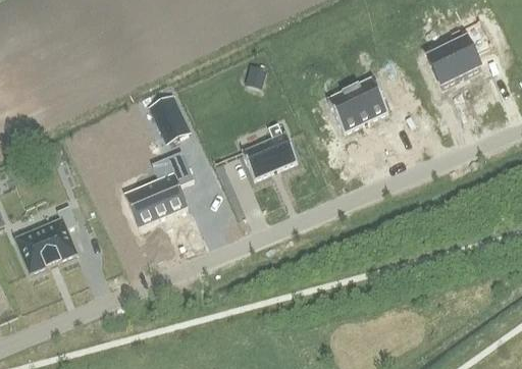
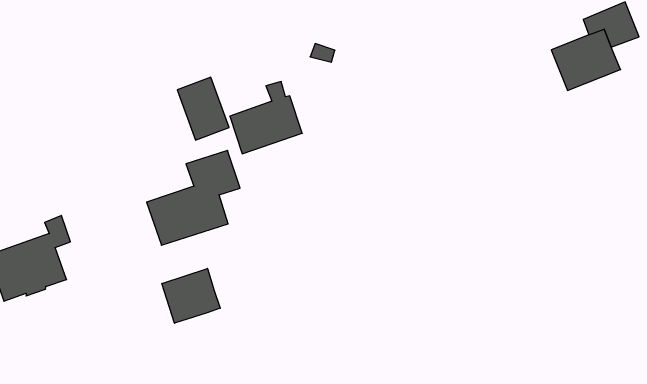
building: [323,84,384,139] -> none
building: [242,119,297,175] -> [230,82,302,154]
building: none -> [162,268,220,323]

